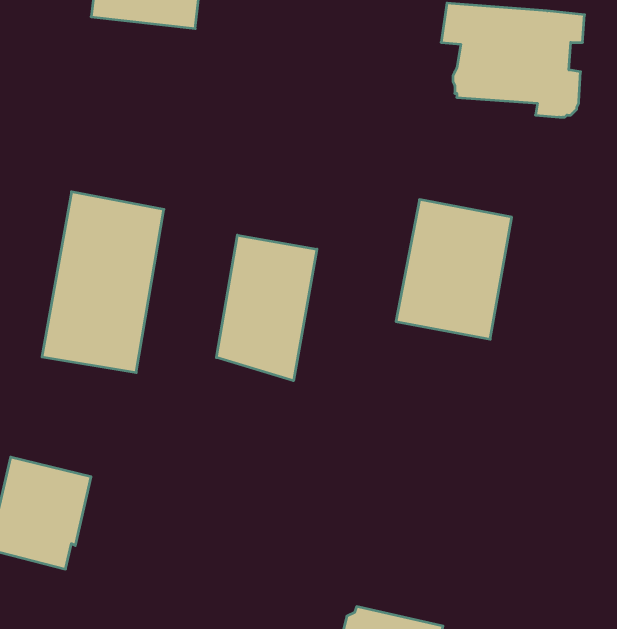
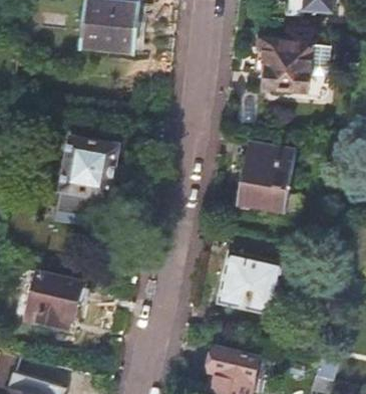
building: [216,235,317,381] -> none
building: none -> [217,252,282,313]

